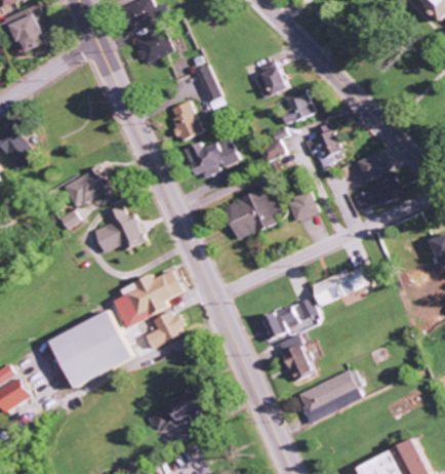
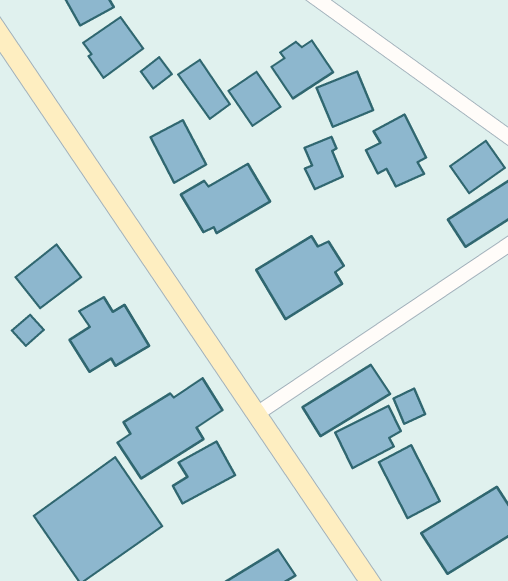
building: none -> [229,72,280,126]
building: [283,191,315,222] -> none
building: [311,265,368,305] -> [303,365,390,436]

